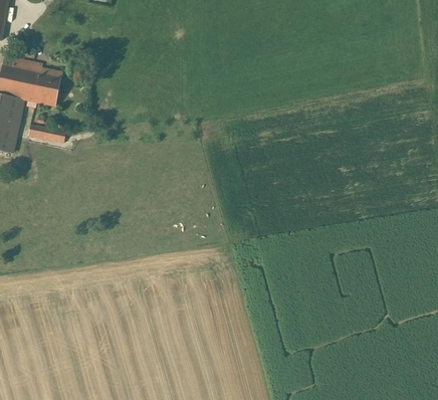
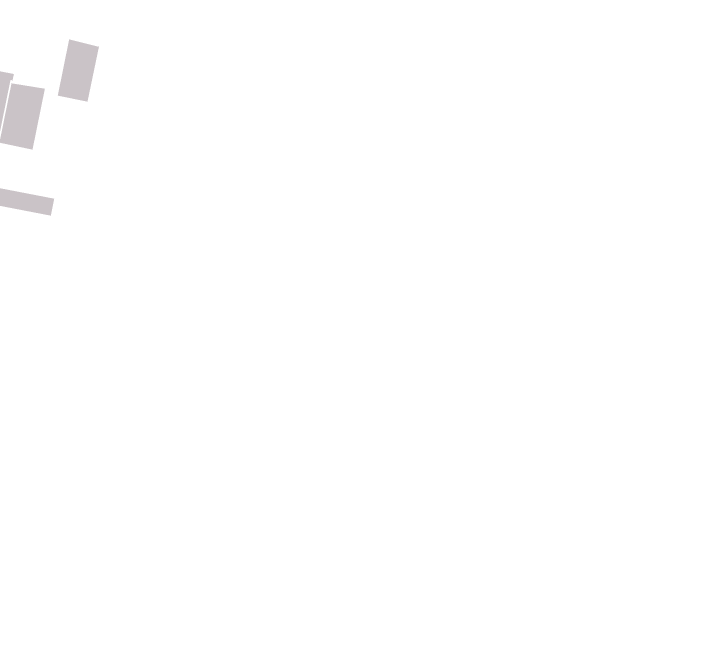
building: none -> [57,38,100,102]

